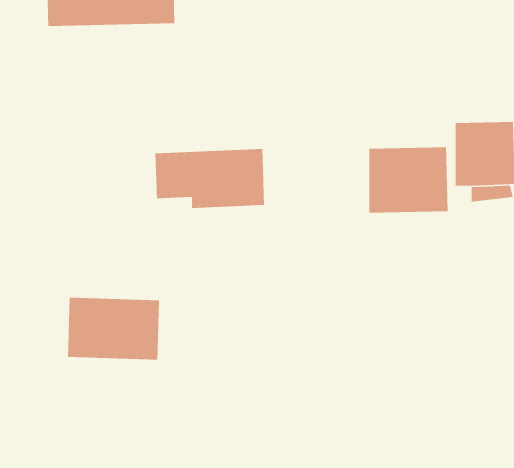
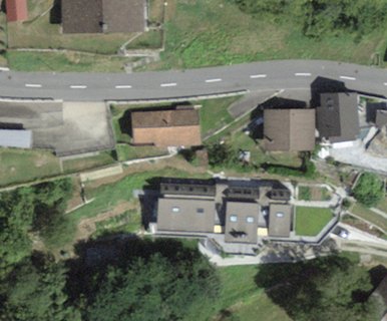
building: none -> [225,194,257,243]
building: none -> [268,198,291,237]
building: [67,297,160,361] -> [157,192,216,232]

